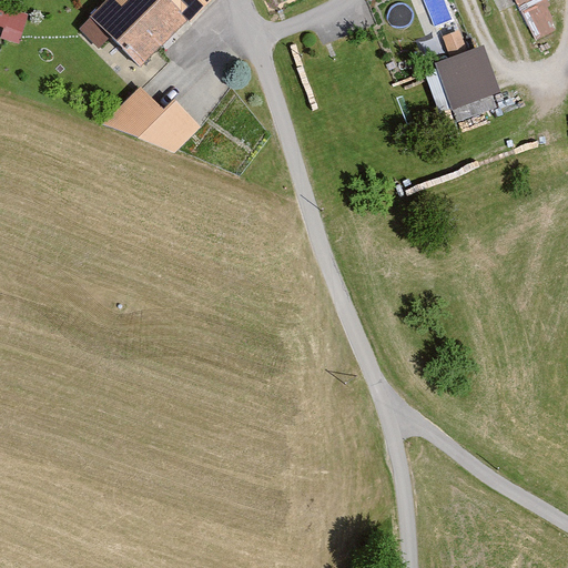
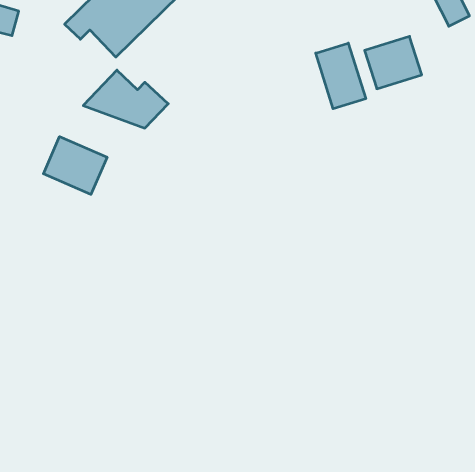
building: none -> [316,43,366,109]
building: none -> [43,137,107,194]

